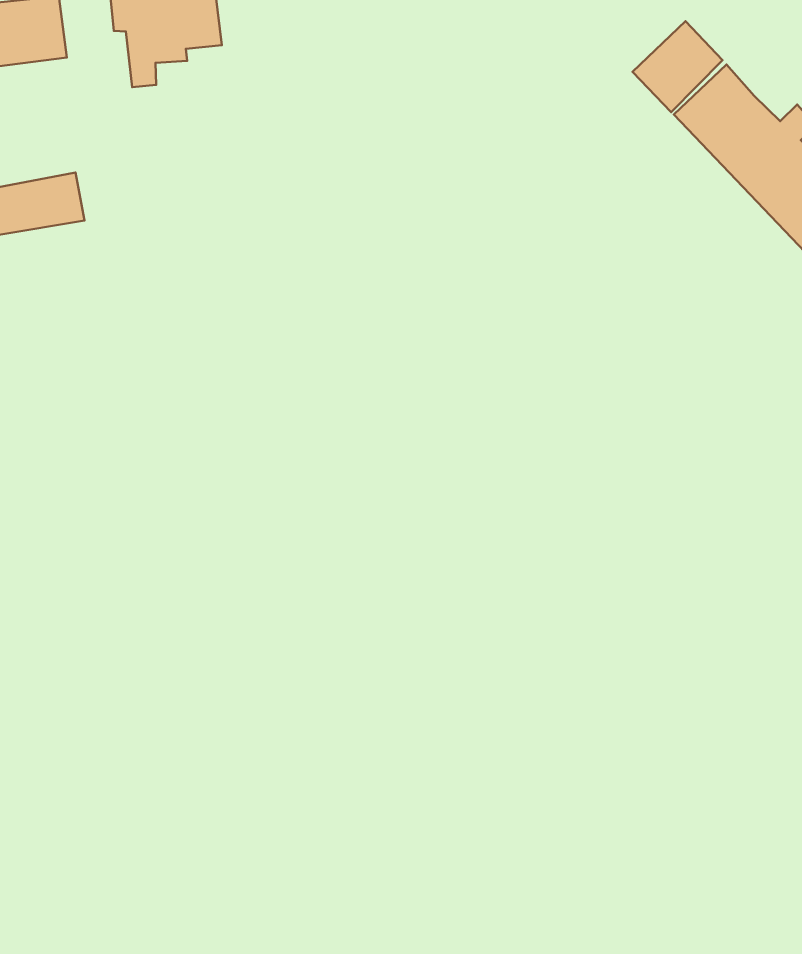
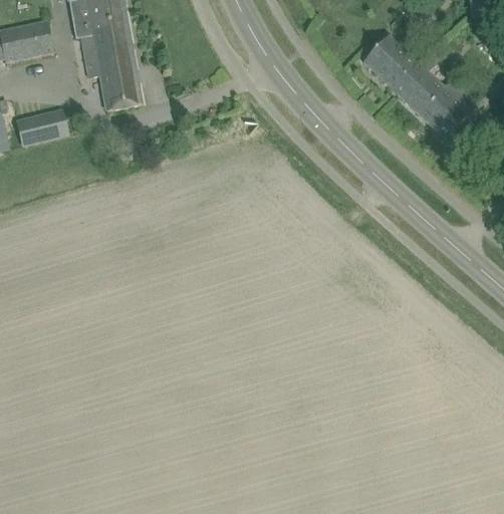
building: [632,21,723,112] -> none
building: none -> [86,41,142,110]

